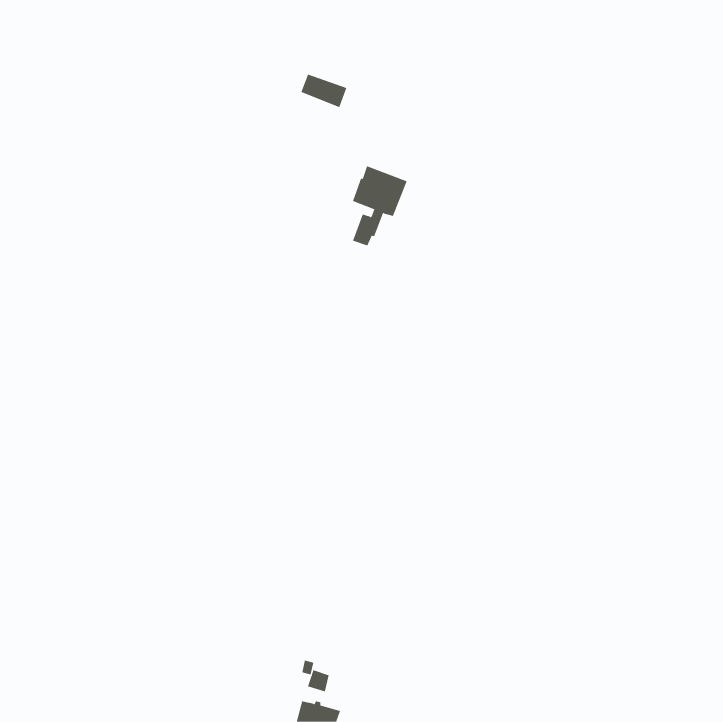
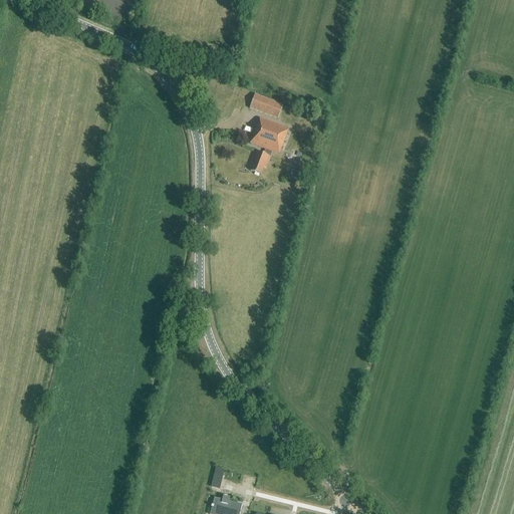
building: [300,74,347,108] -> [250,94,283,118]

